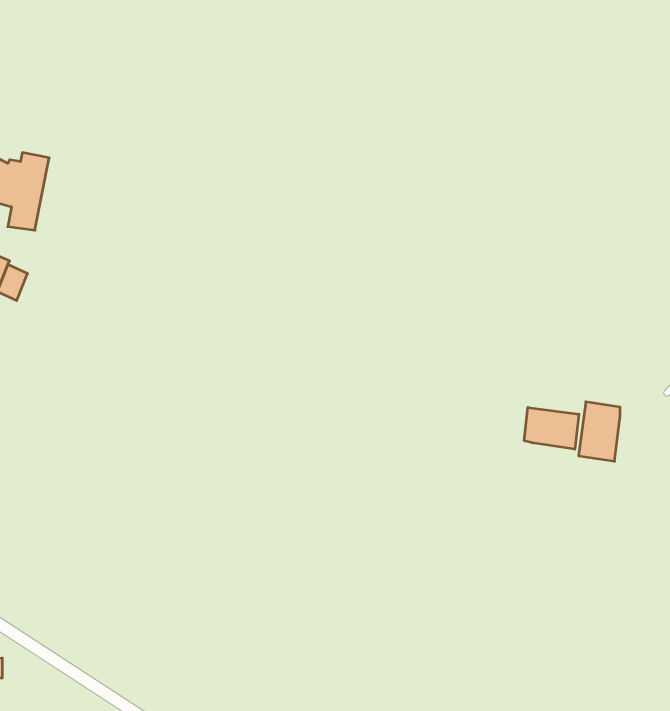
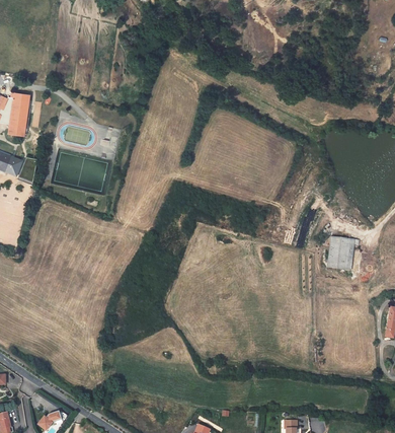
building: [524,407,579,449] -> none

